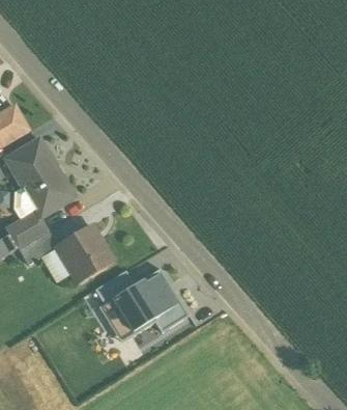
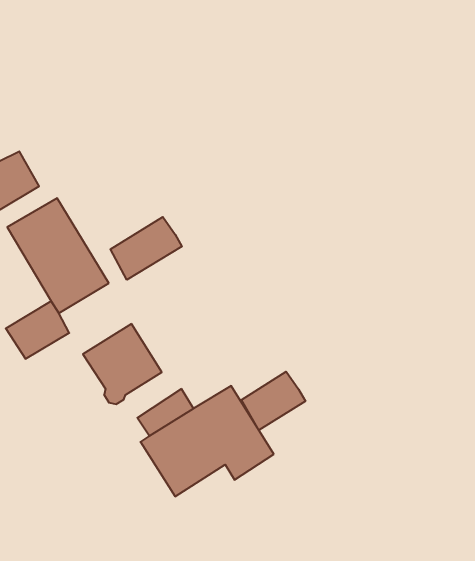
building: none -> [110,217,182,280]
building: [19,231,58,265] -> none
building: none -> [242,372,305,430]

